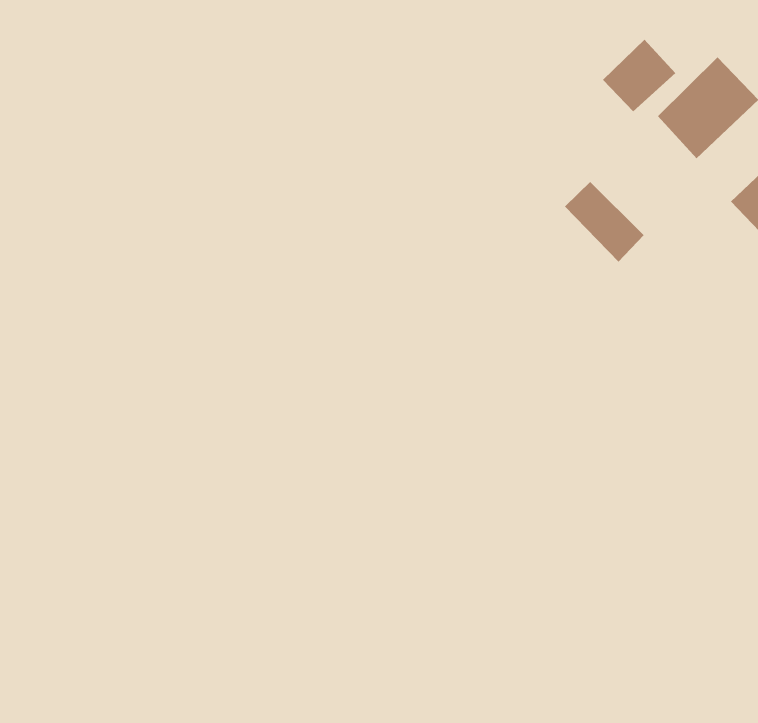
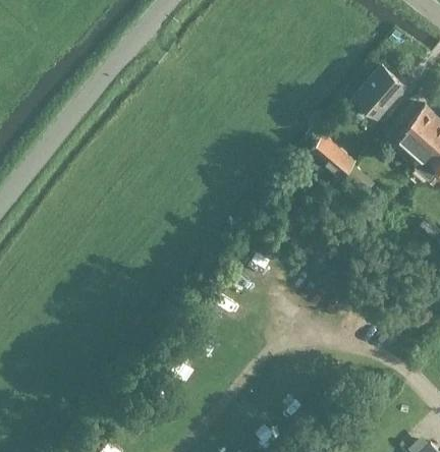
building: [602,39,676,112] -> none

